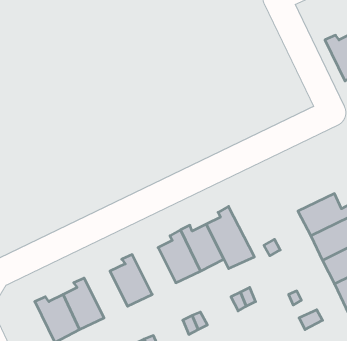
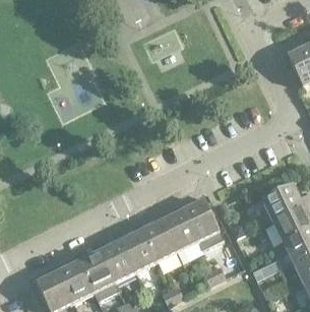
building: none -> [118,231,156,271]
building: none -> [76,251,118,301]

